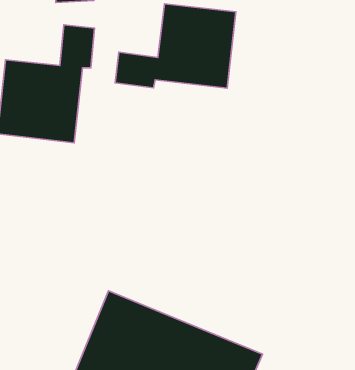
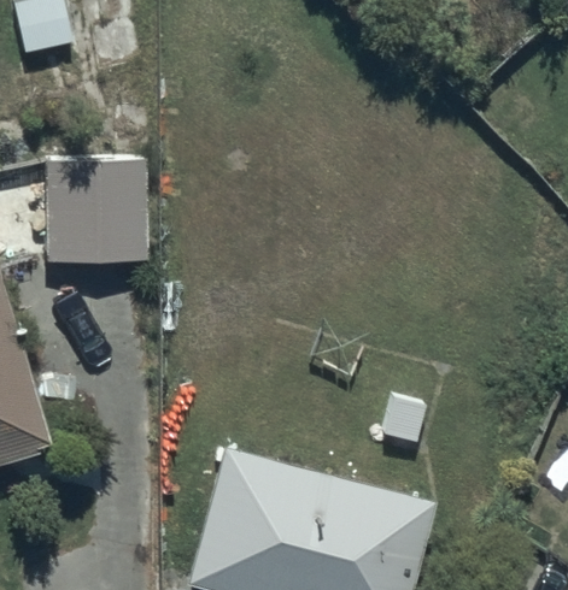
building: [115,4,236,88] -> none

